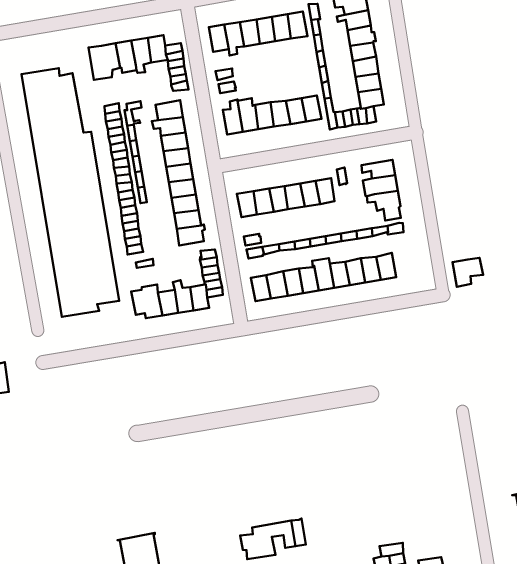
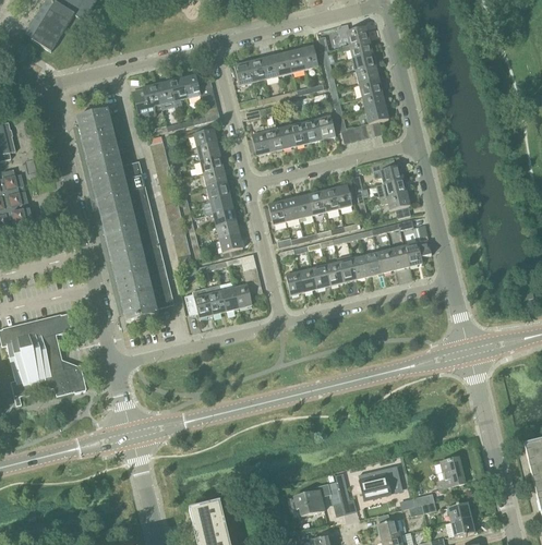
building: [452,258,483,287] -> [404,239,431,265]
building: none -> [436,456,463,488]
building: none -> [357,464,401,499]

